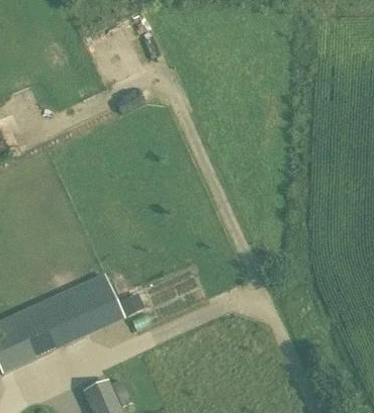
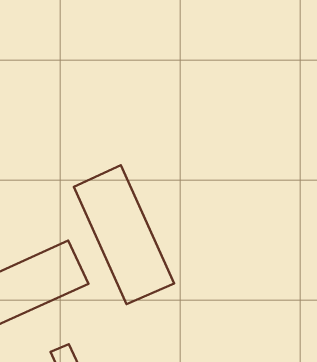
building: none -> [74,165,174,304]

